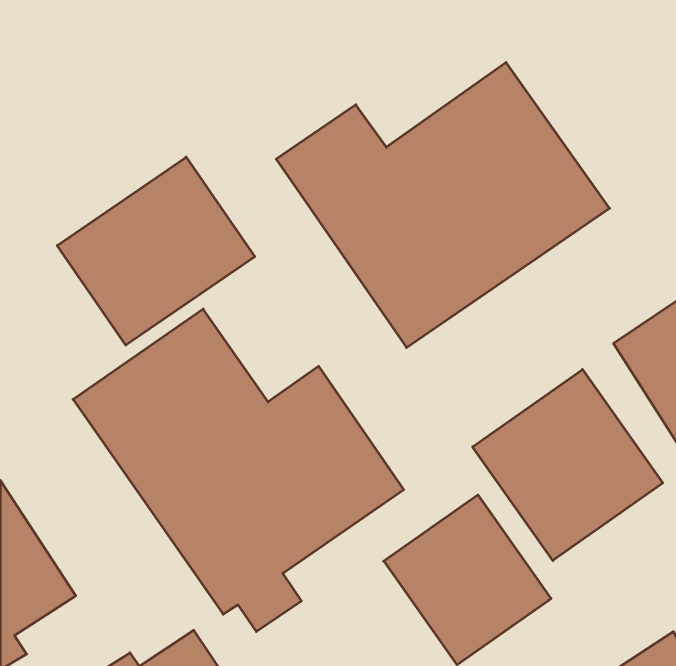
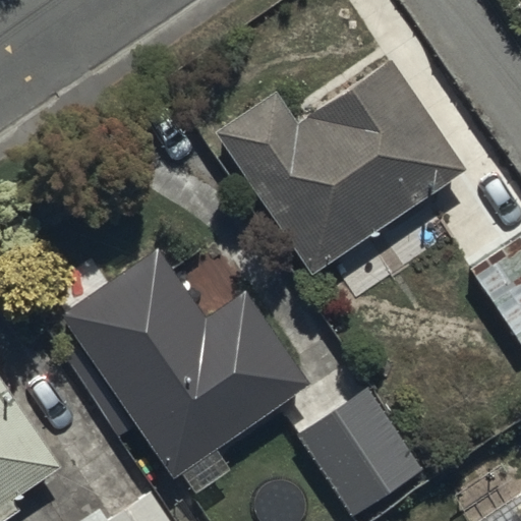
building: [57,157,255,345] -> none
building: [473,369,663,561] -> none

